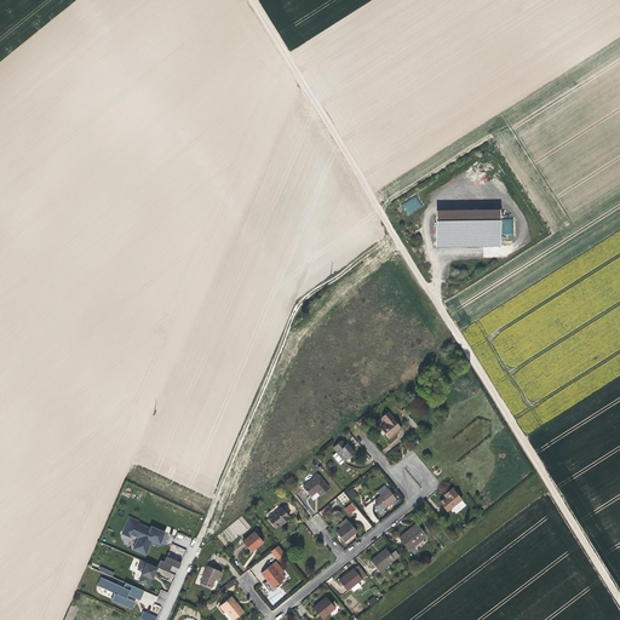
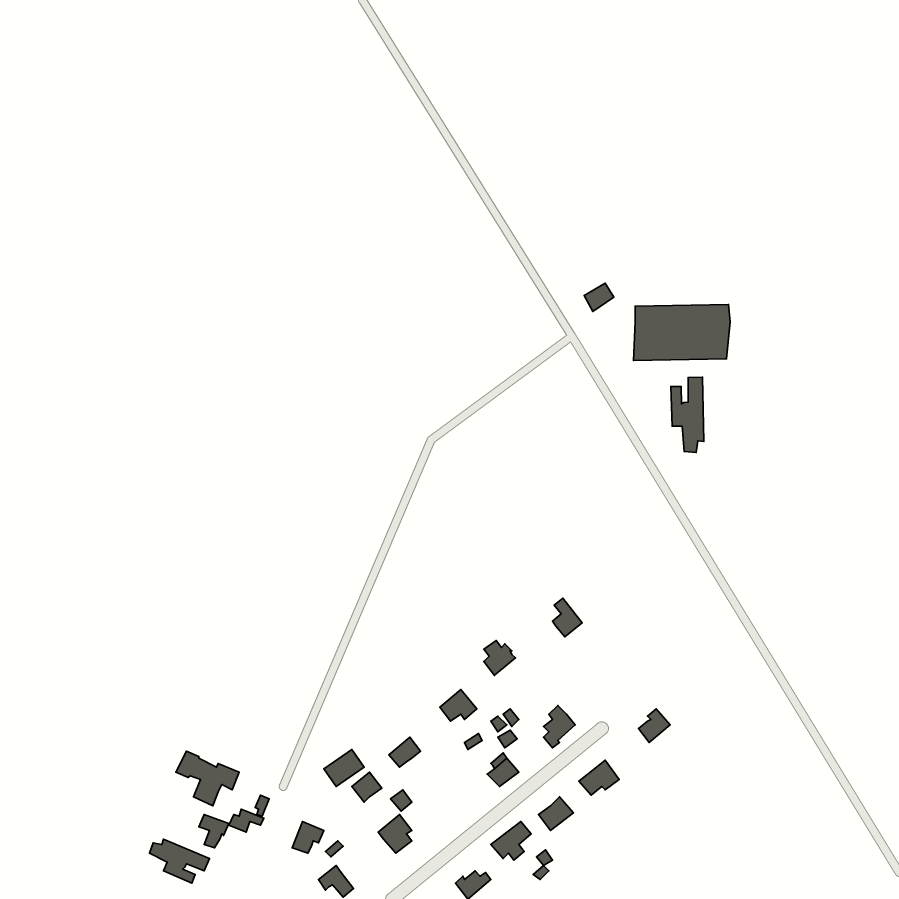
building: none -> [671,377,704,452]

